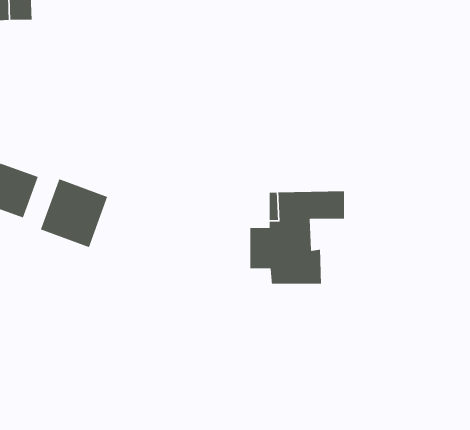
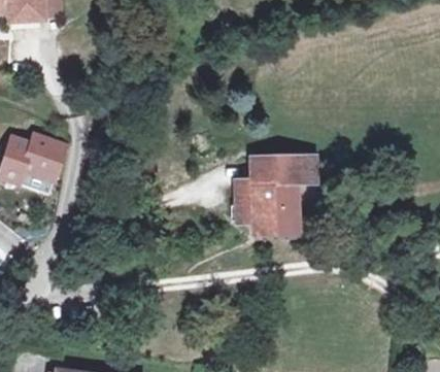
building: [40,178,108,248] -> none

